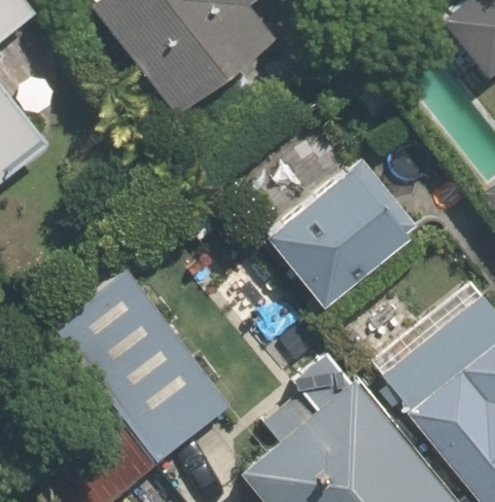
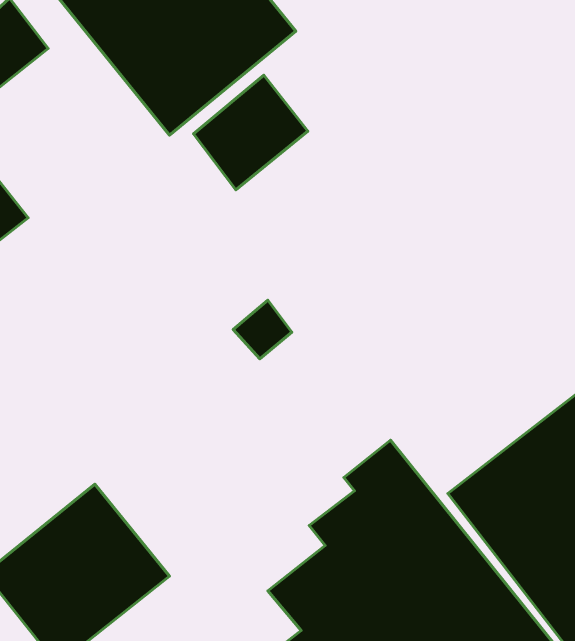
building: [263,175,404,313] -> none
building: [62,250,247,449] -> none

